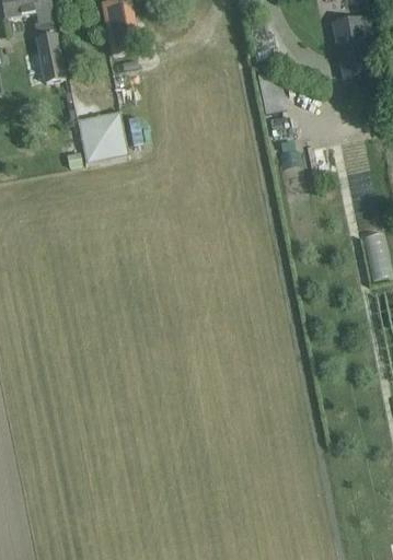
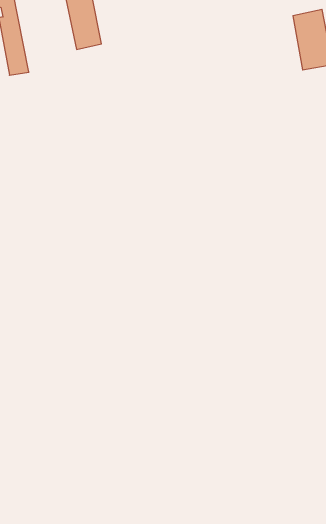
building: [77,107,129,161] -> none

